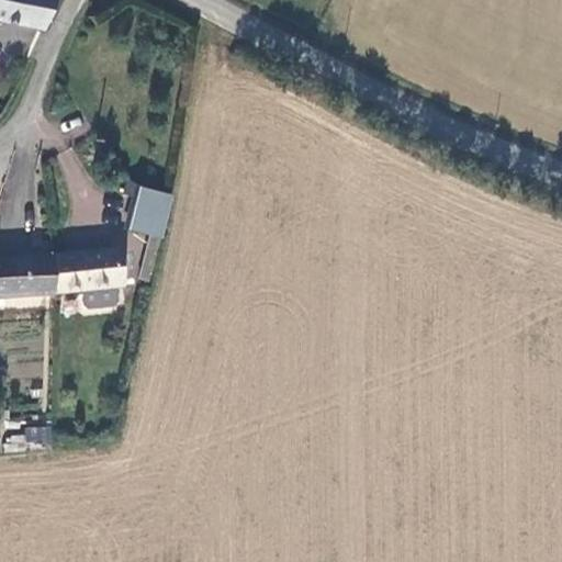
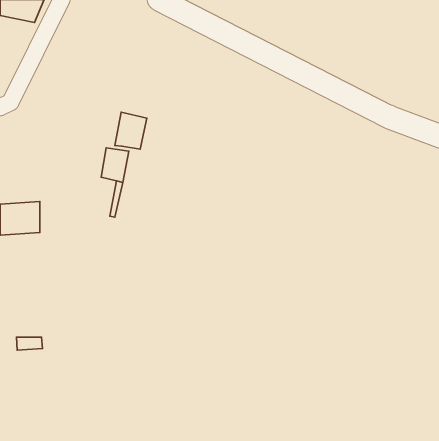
building: none -> [115,112,147,149]
building: [54,251,124,295] -> none

